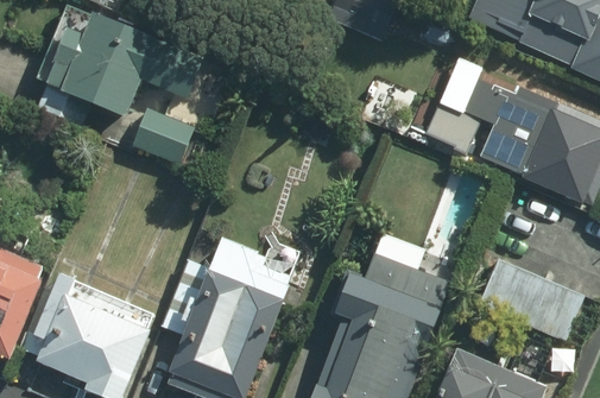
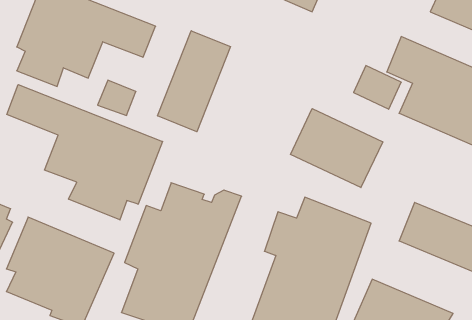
building: none -> [158,31,231,132]
building: none -> [7,85,163,220]
building: none -> [290,109,383,188]

